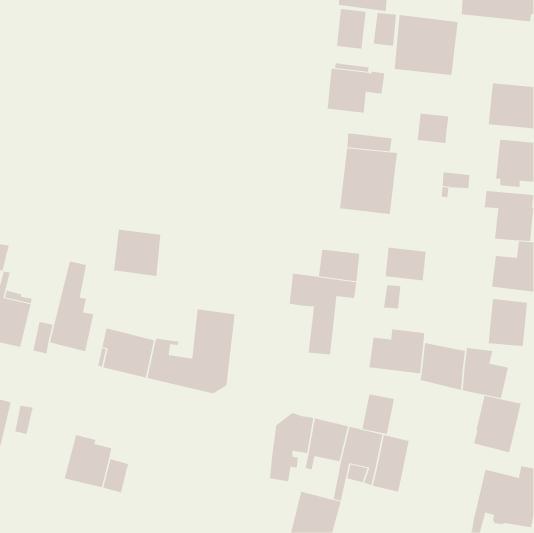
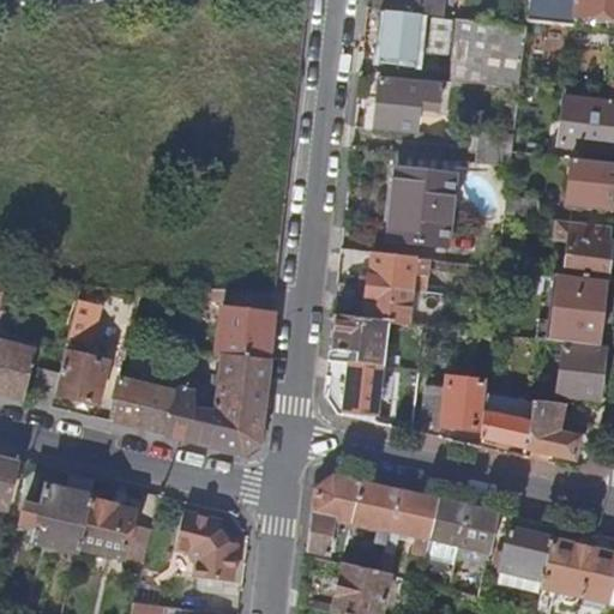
building: [113,229,161,276] -> [219,306,275,360]
building: [385,247,427,281] -> [368,252,416,290]
building: [361,394,395,435] -> [460,505,499,552]
building: [473,395,521,453] -> [500,528,555,594]
building: none -> [14,475,90,552]
building: none -> [165,513,231,583]

